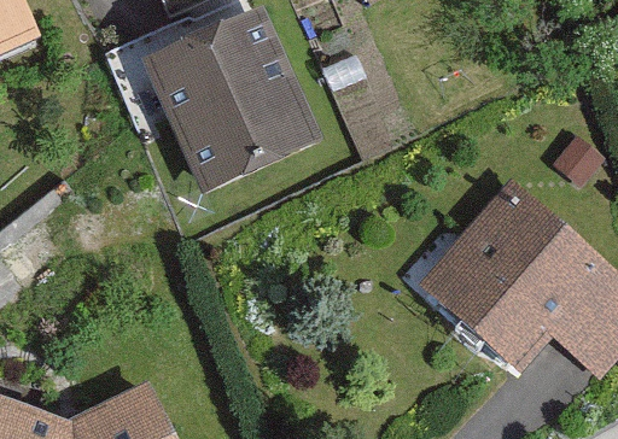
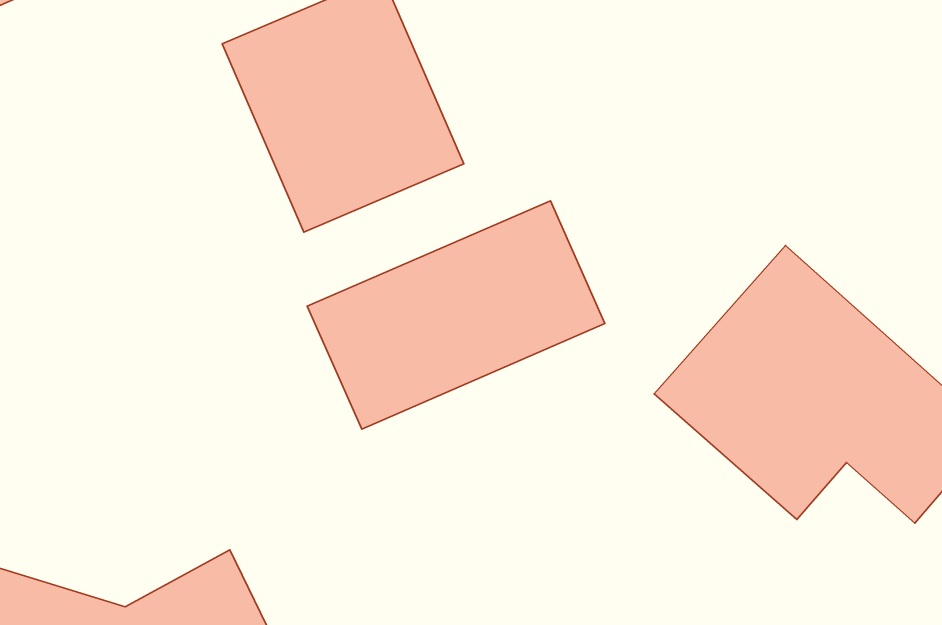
building: none -> [307,201,605,429]

